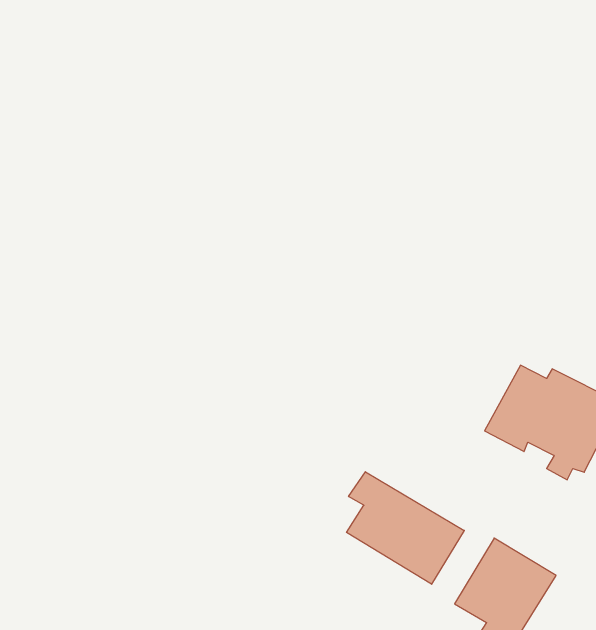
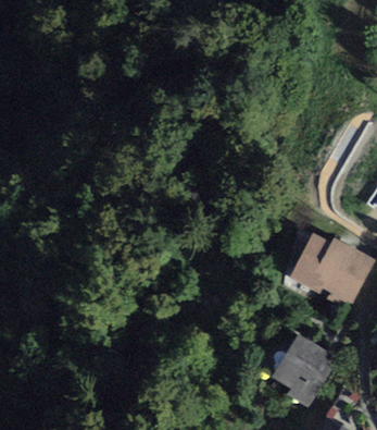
building: [347,472,464,584] -> none

